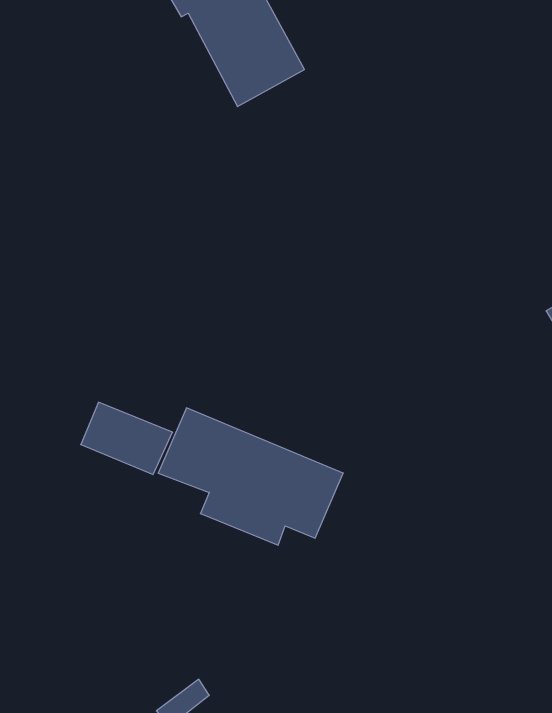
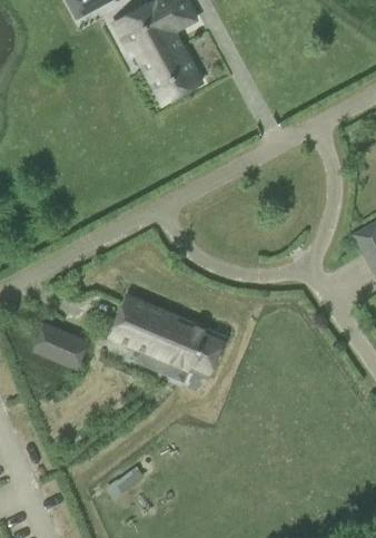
building: [81,402,173,475] -> [33,323,91,369]

